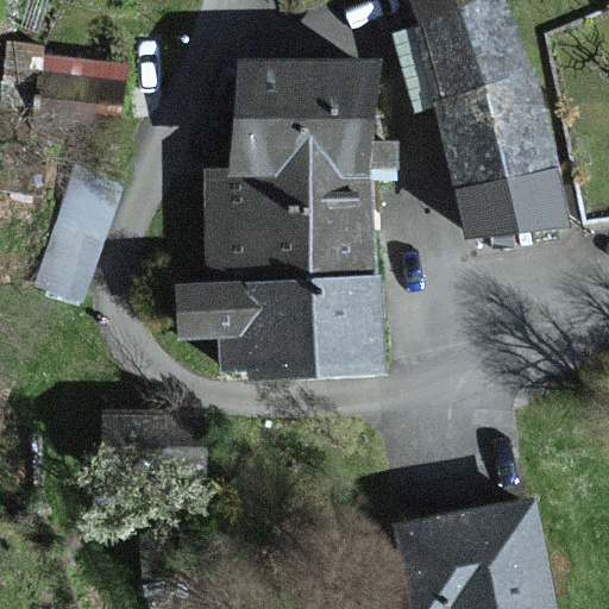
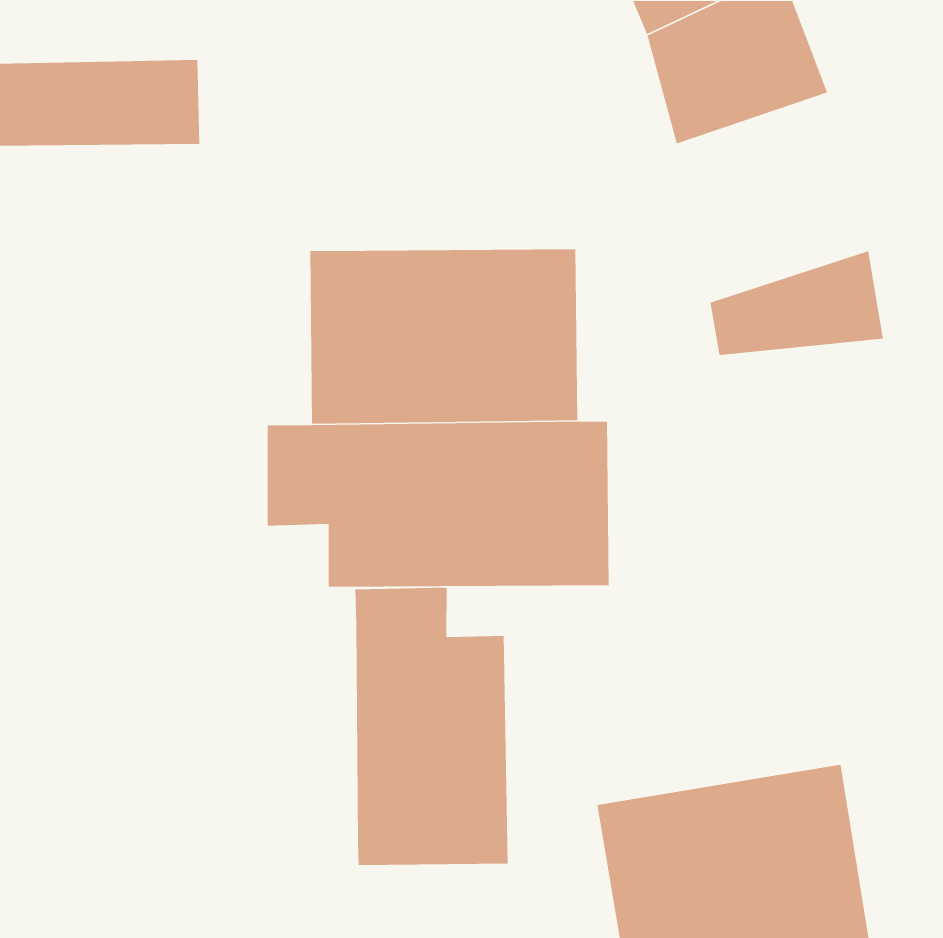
building: [233,57,388,167] -> none
building: [434,65,558,200] -> none
building: none -> [355,587,508,866]

